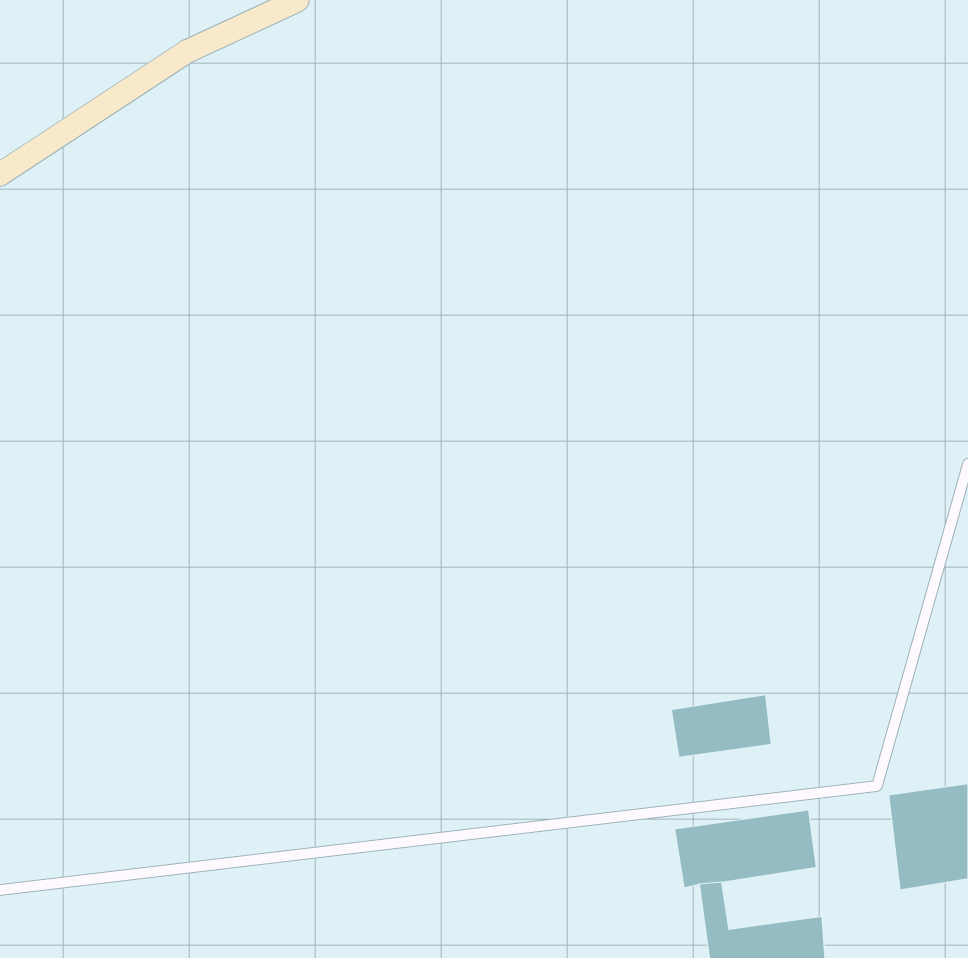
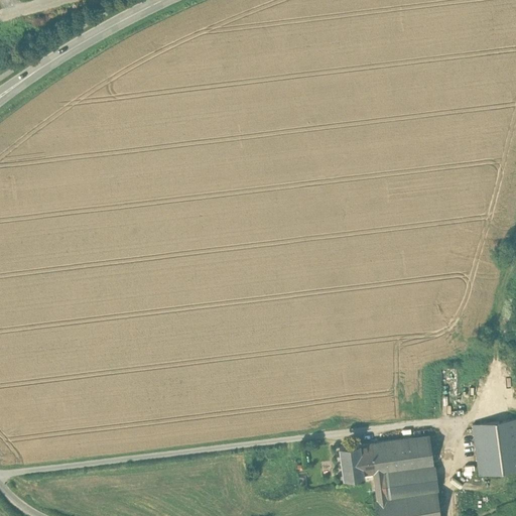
building: [671,695,771,757] -> [384,467,437,500]
building: none -> [338,446,364,481]

